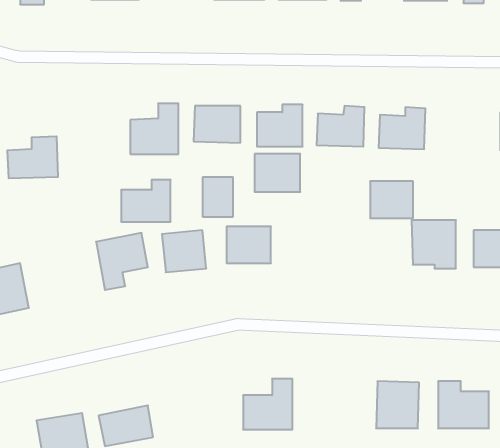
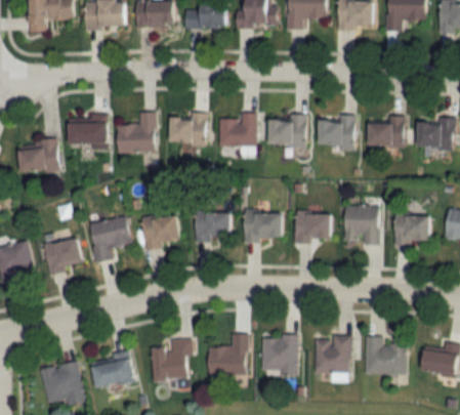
building: none -> [368,116,405,147]
building: [255,154,300,192] -> [244,211,281,242]
building: [203,177,233,217] -> none
building: [121,180,171,222] -> [68,114,108,148]
building: [370,181,413,218] -> [295,212,330,242]
building: none -> [45,239,81,274]
building: none -> [262,335,298,375]
building: none -> [153,339,193,379]

